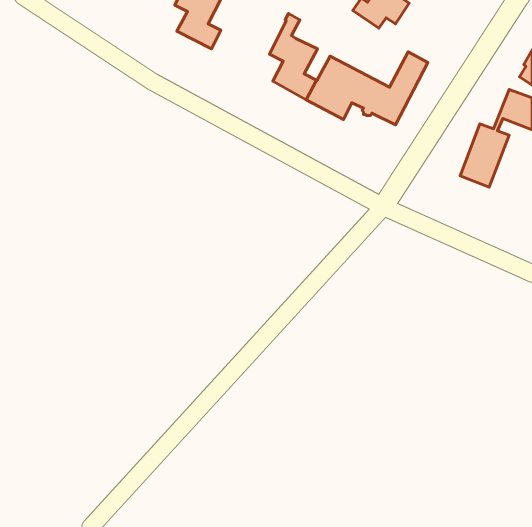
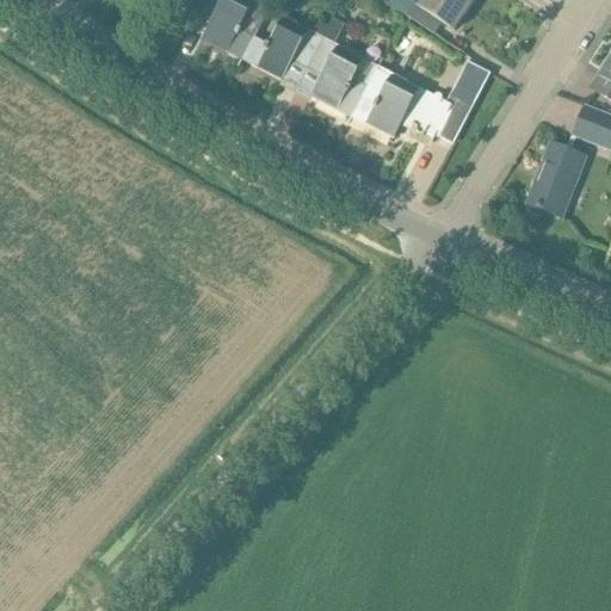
building: none -> [242,14,328,79]

